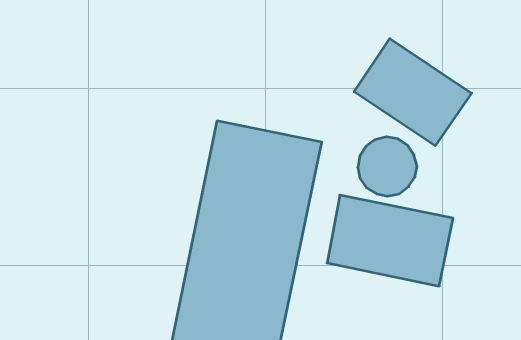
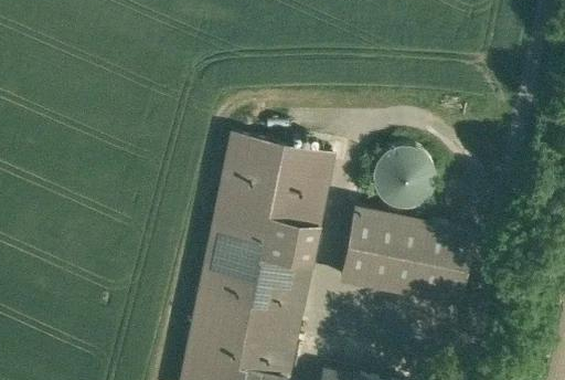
building: [354,39,472,146] -> none

